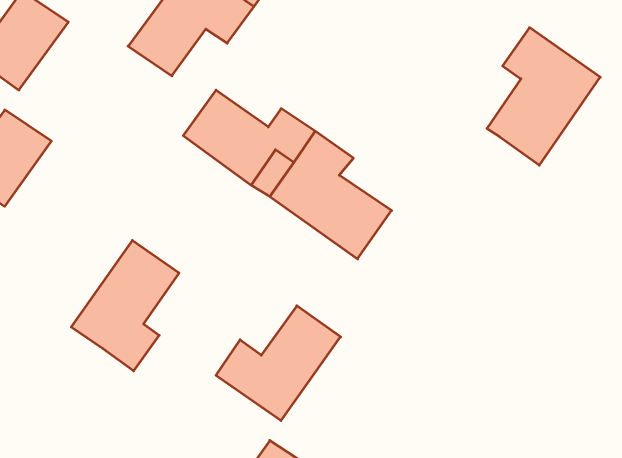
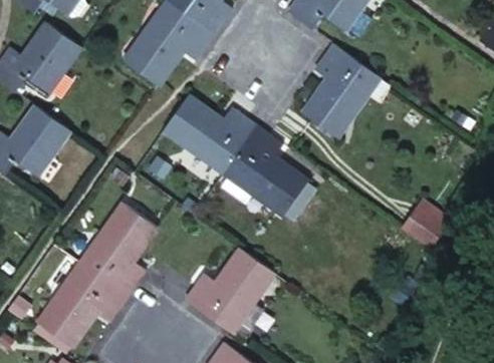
building: [487,28,600,165] -> [301,43,382,140]
building: none -> [397,199,448,250]
building: none -> [38,275,127,347]

